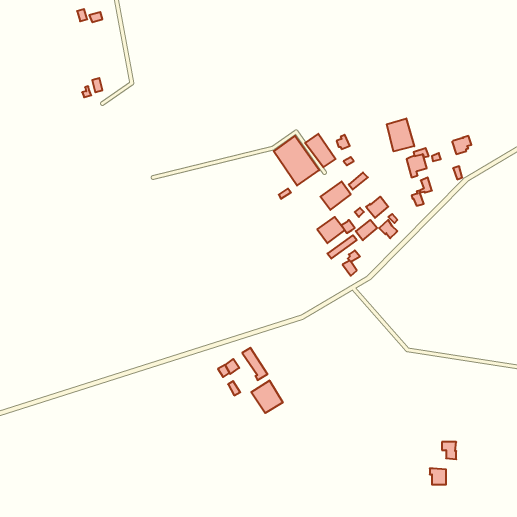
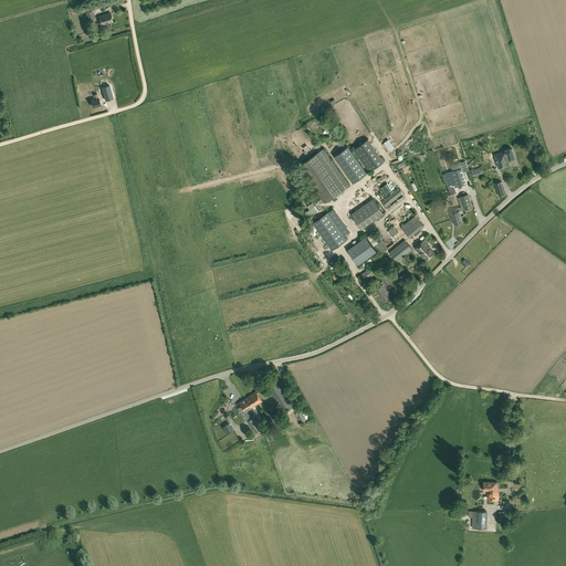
building: [387,118,414,151] -> none
building: none -> [312,213,346,252]
building: [251,380,283,413] -> none

